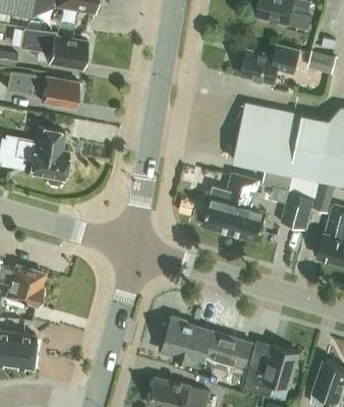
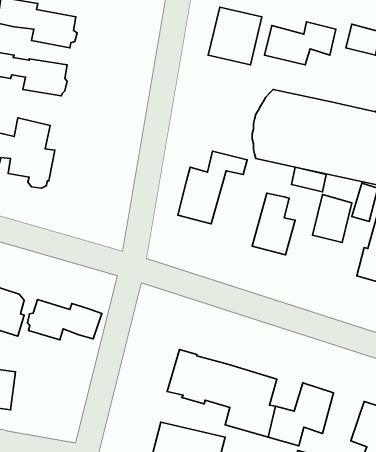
building: none -> [208,7,262,65]
building: [204,173,261,233] -> [178,151,247,224]
building: none -> [27,300,102,340]

